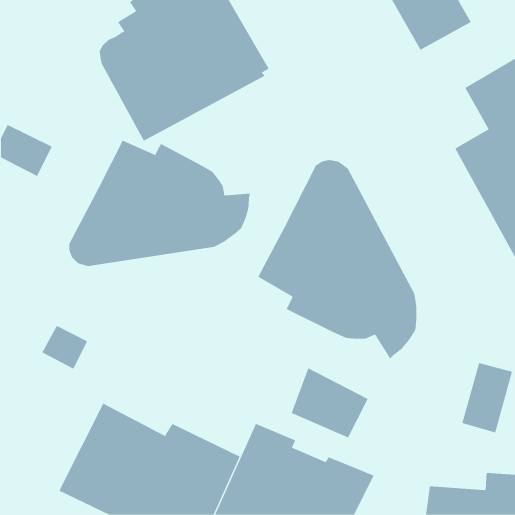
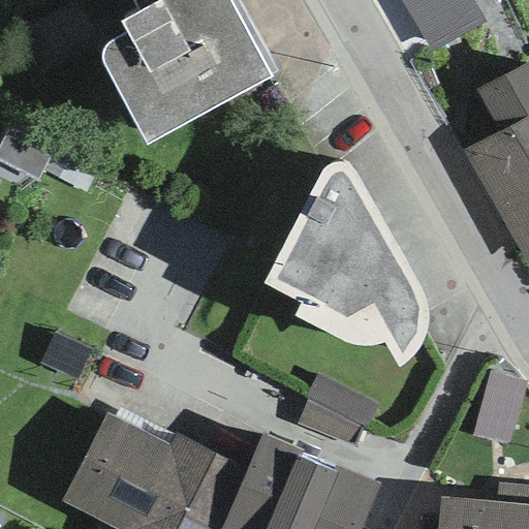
building: [69,140,250,267] -> none

